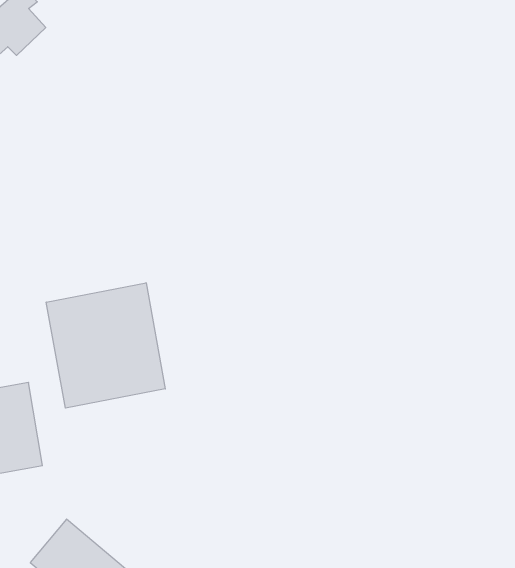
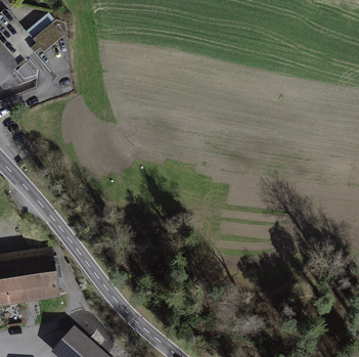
building: [46,283,165,408] -> none

